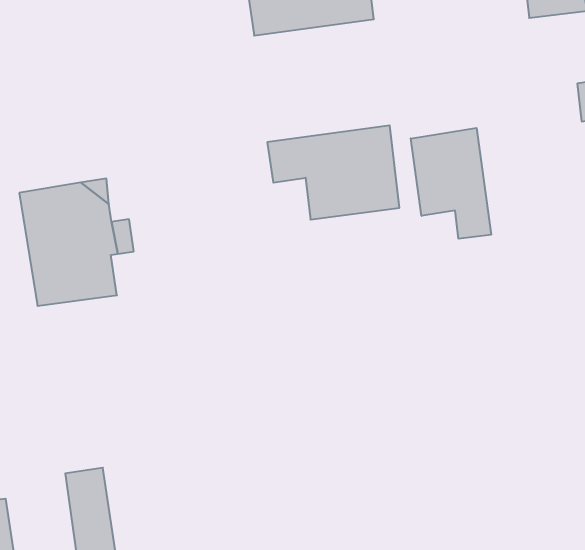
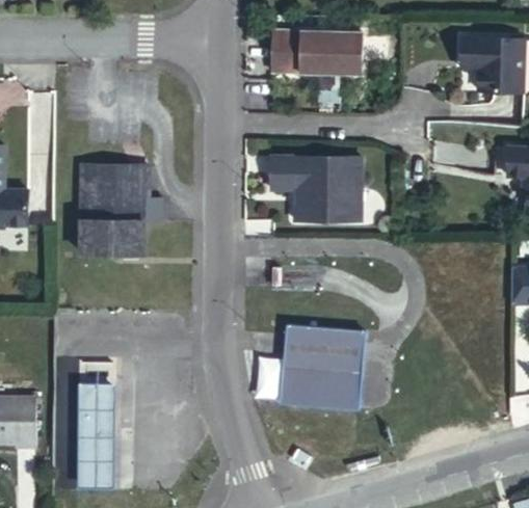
building: [411,128,491,239] -> none
building: none -> [277,324,363,410]

